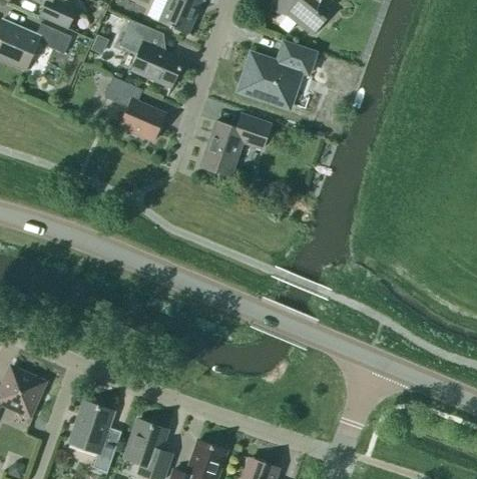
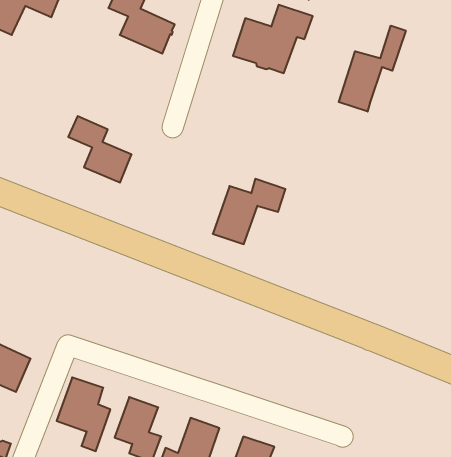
building: none -> [339,26,406,112]
building: [104,77,165,141] -> [68,116,132,183]
building: [200,113,271,176] -> [213,179,285,244]

